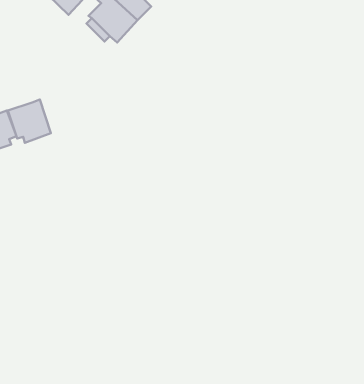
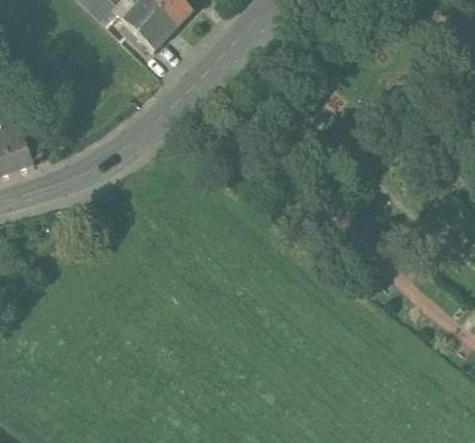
building: [8,99,51,143] -> none

